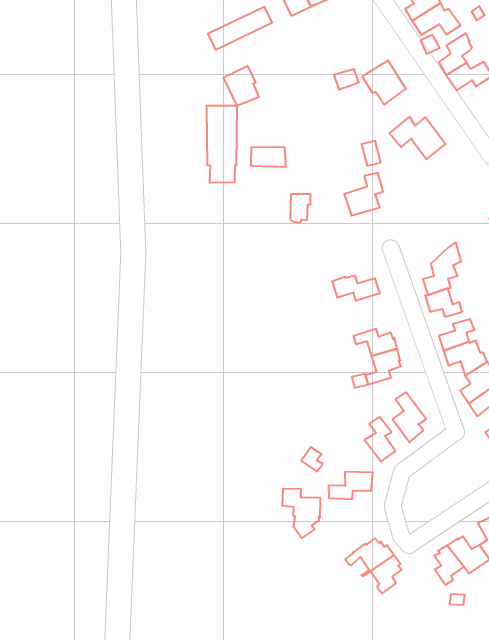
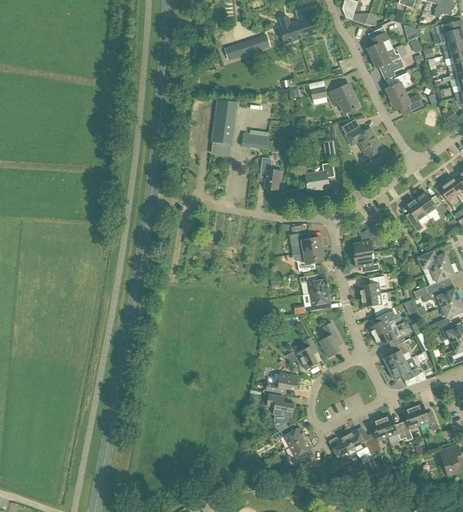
building: [224,66,259,106] -> none
building: none -> [291,248,323,270]
building: [282,489,320,538] -> [266,393,294,430]

